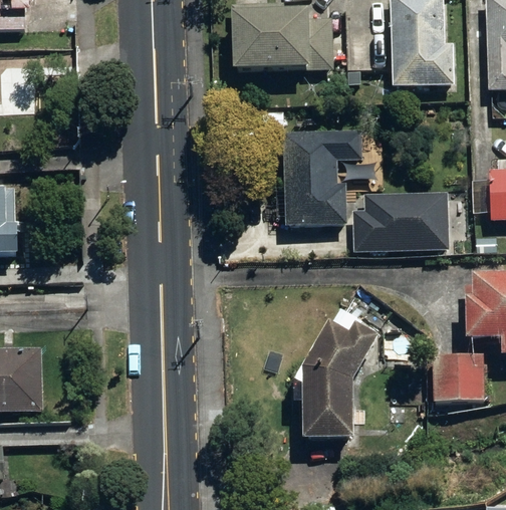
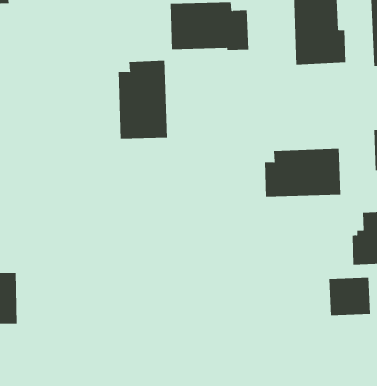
building: none -> [118,60,168,140]
building: [280,128,361,225] -> none
building: [303,309,381,438] -> none

